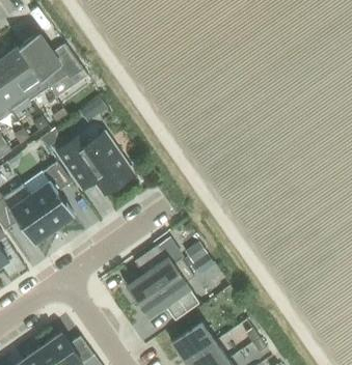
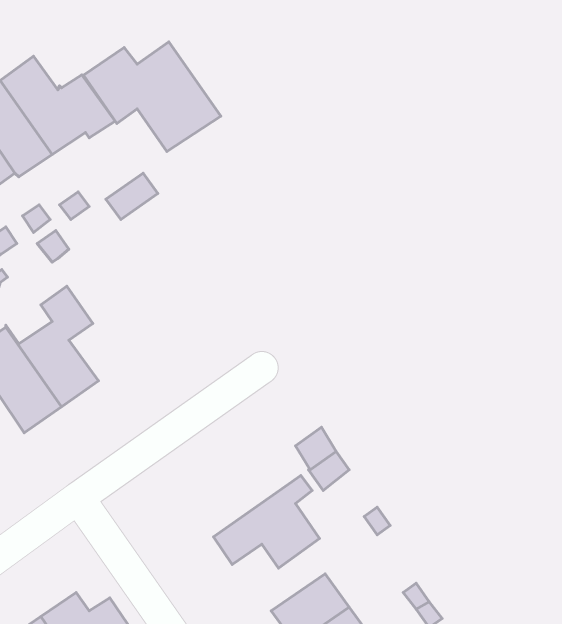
building: [57,134,134,195] -> [83,42,221,151]
building: [128,246,188,303] -> none

